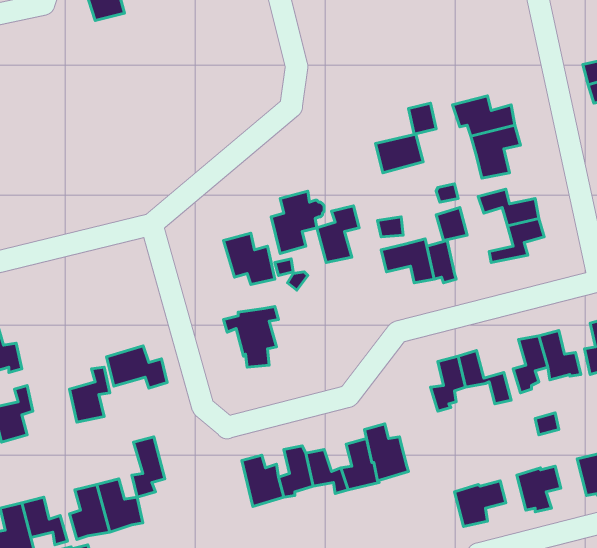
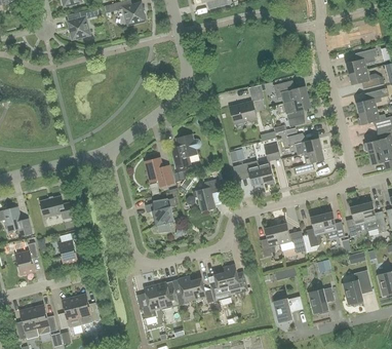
building: [317,206,359,263] -> [195,179,219,210]
building: [107,346,167,388] -> [39,195,73,219]
building: [132,437,165,497] -> [142,284,160,318]

